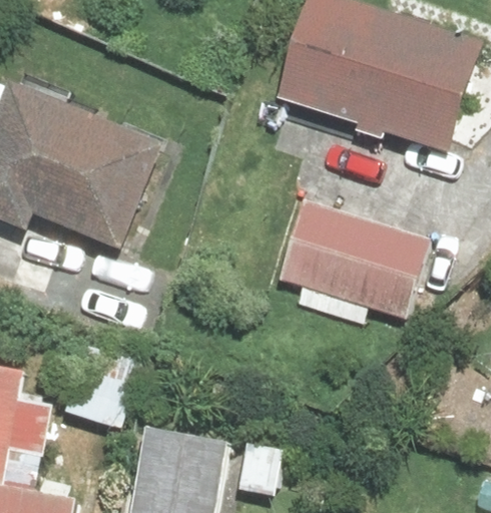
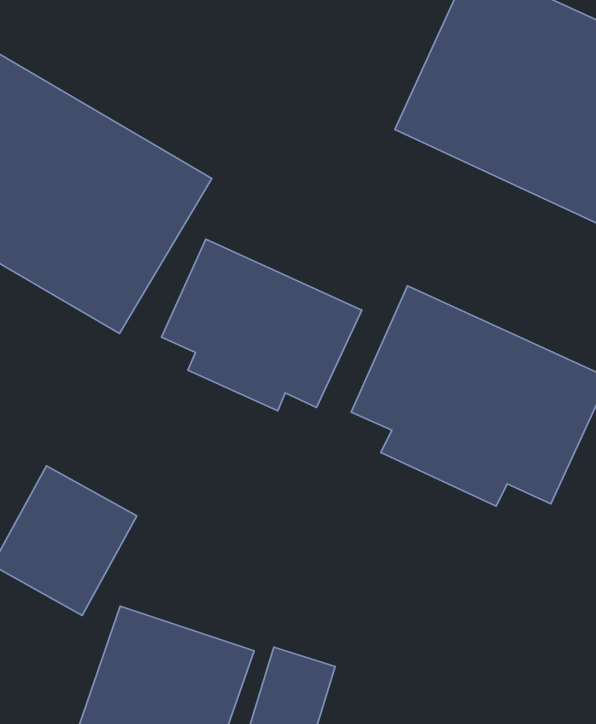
building: none -> [162,239,362,411]

